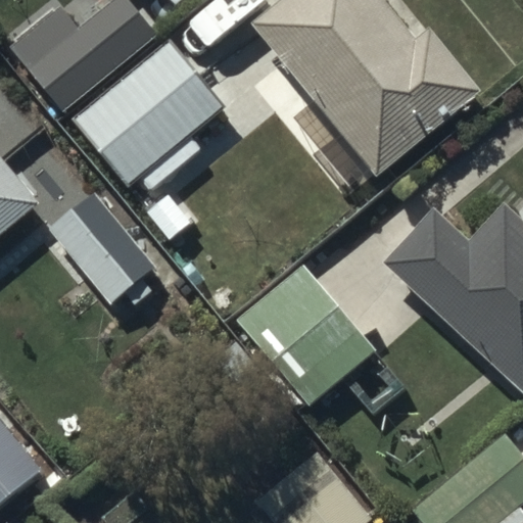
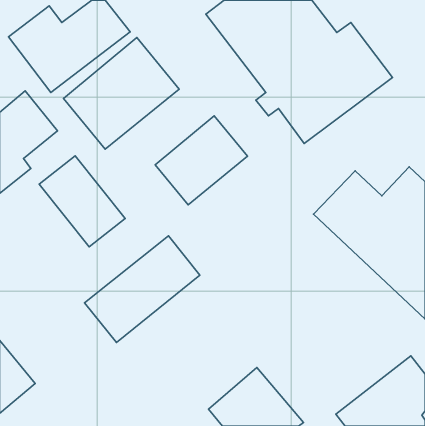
building: none -> [155,116,247,205]
building: [235,265,375,408] -> none
building: none -> [85,236,200,343]

